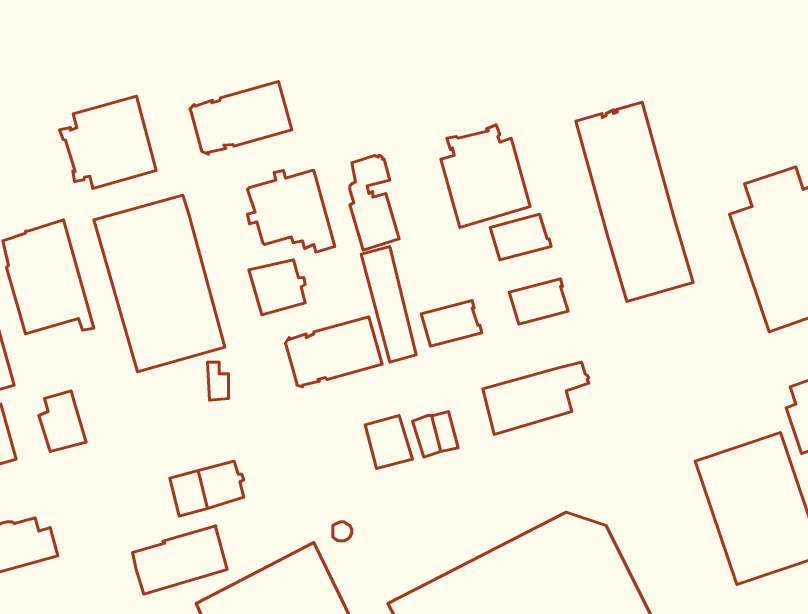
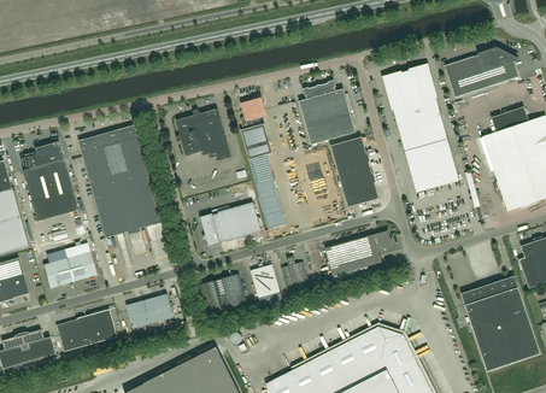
building: none -> [445,48,518,96]
building: [190,82,292,154] -> none
building: [60,96,156,188] -> none
building: [249,260,305,315] -> none
building: [421,301,482,346] -> [336,157,375,186]
building: none -> [64,244,96,281]
building: none -> [200,274,247,313]
building: [132,526,227,594] -> [57,307,117,351]

